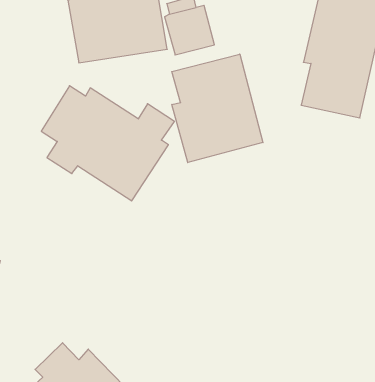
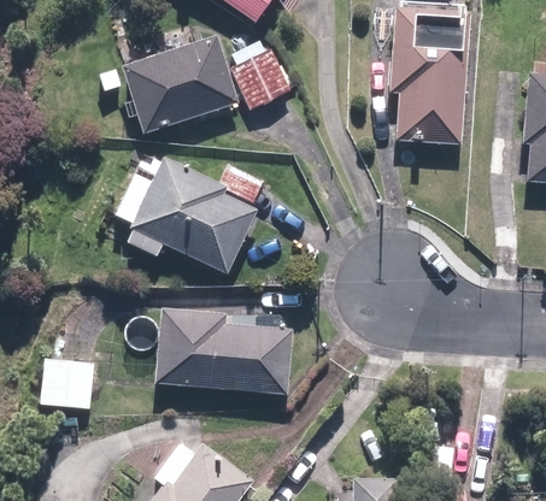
building: [172,54,263,163] -> none
building: none -> [153,307,292,390]

